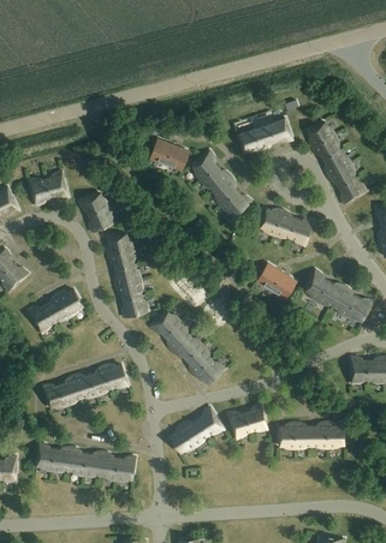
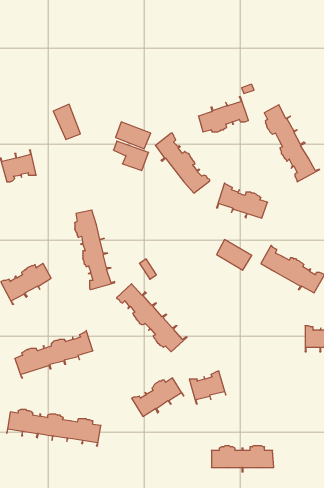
building: [82,192,111,229] -> [53,104,80,139]
building: [278,422,344,449] -> [211,446,274,472]

